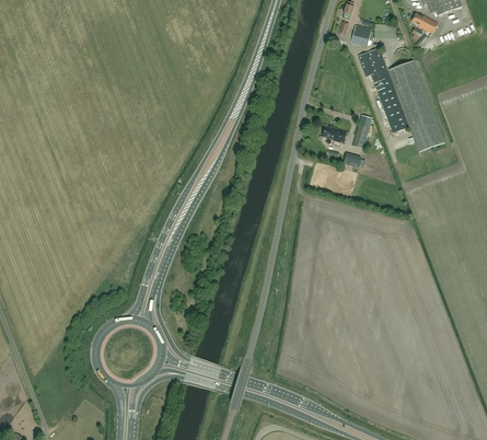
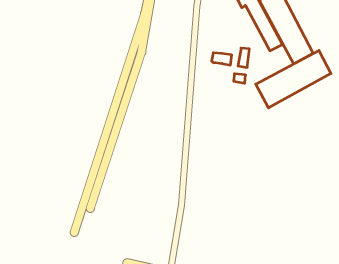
building: none -> [256,50,331,108]

